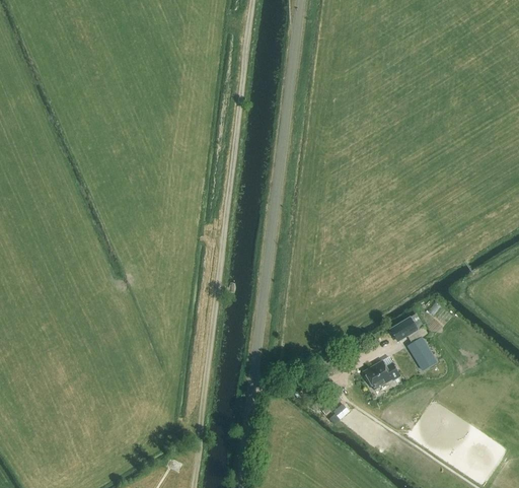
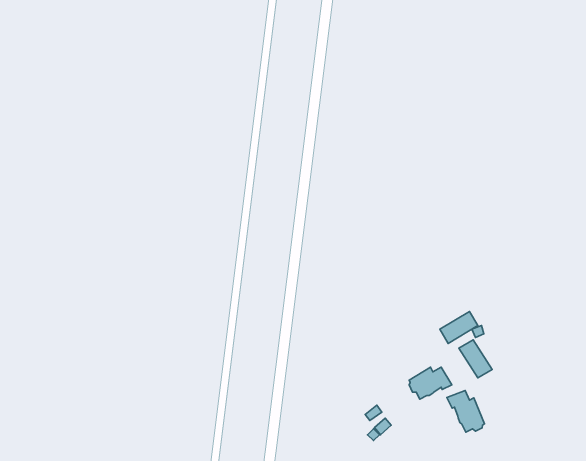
building: none -> [447,390,485,432]

